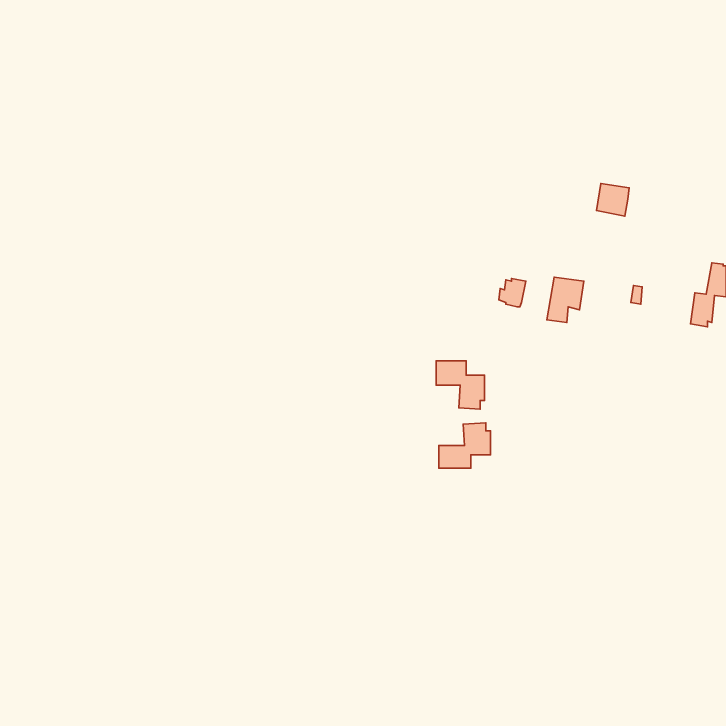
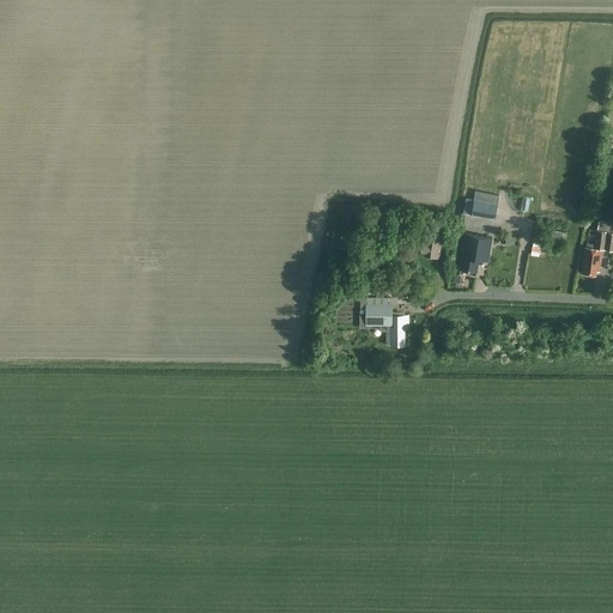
building: [596,184,629,216] -> [472,192,499,219]
building: [439,423,490,468] -> none

